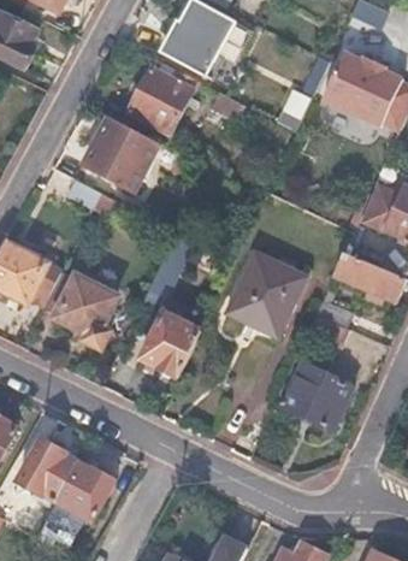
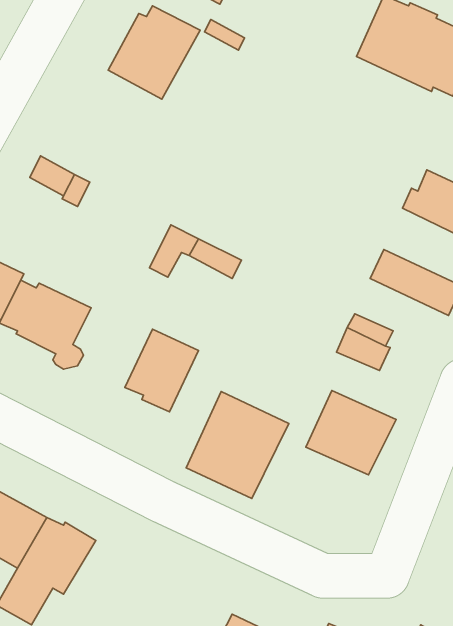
building: [81,114,156,190] -> none
building: [225,252,306,336] -> [186,391,289,499]

